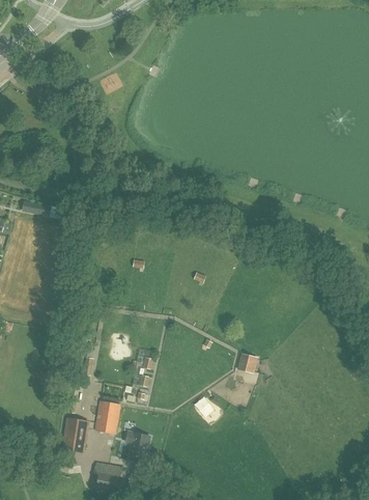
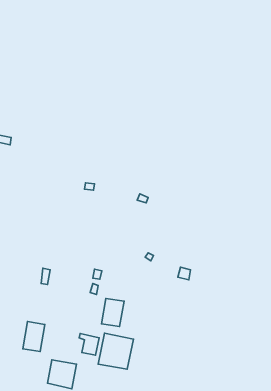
building: [94,400,120,433] -> [101,299,124,327]
building: none -> [98,333,133,369]

